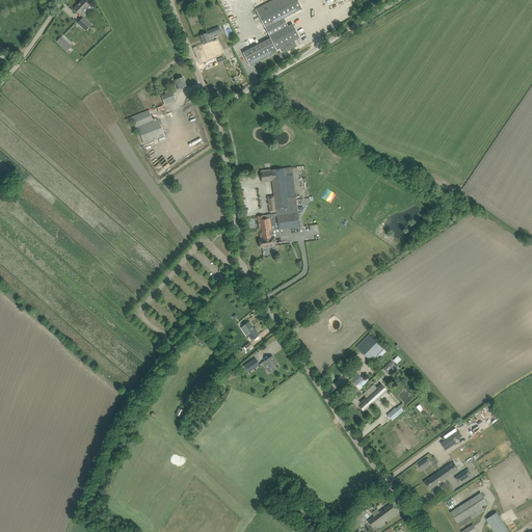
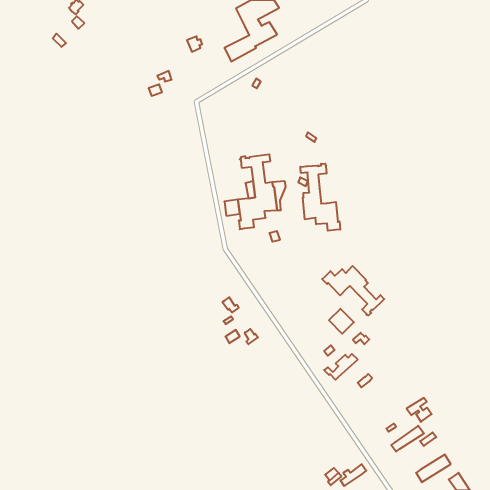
building: [131,110,165,143] -> none
building: none -> [300,164,340,231]
building: none -> [322,266,384,315]

